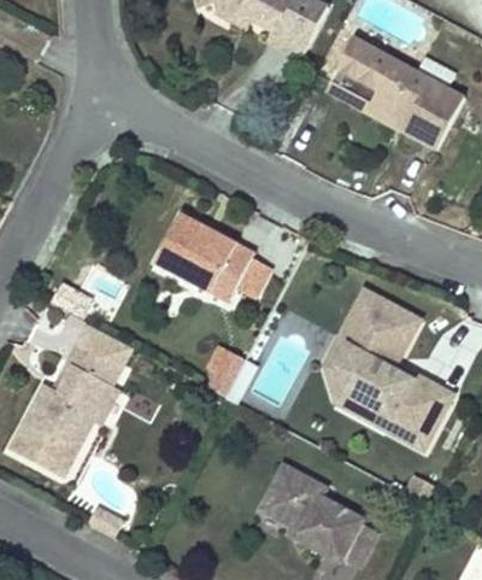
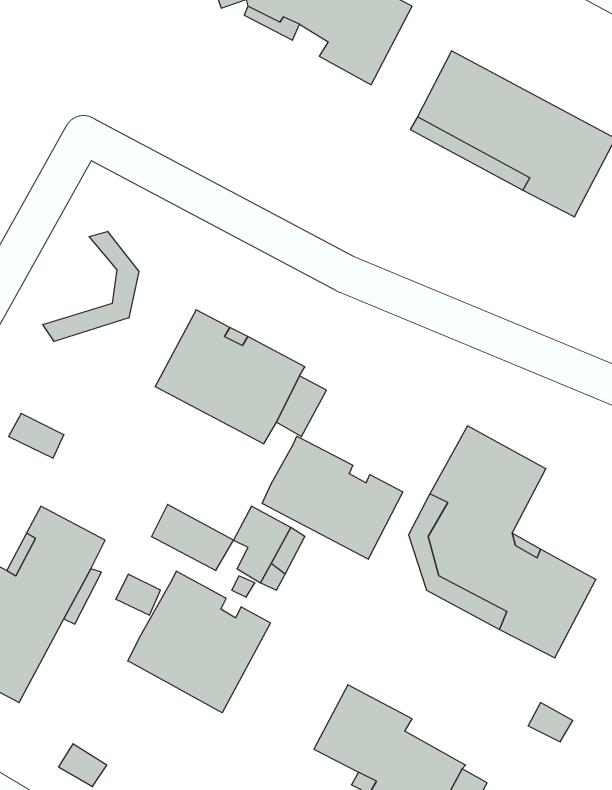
building: none -> [43,231,139,342]
building: none -> [262,436,403,559]
building: [77,322,133,367] -> [151,504,234,570]
building: none -> [128,571,271,713]

